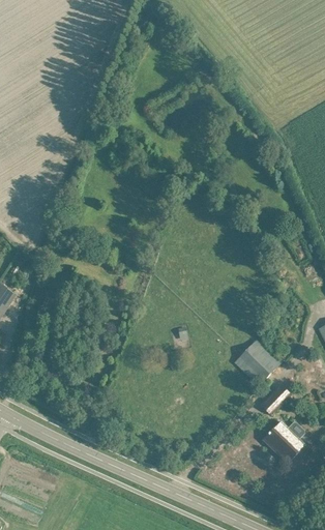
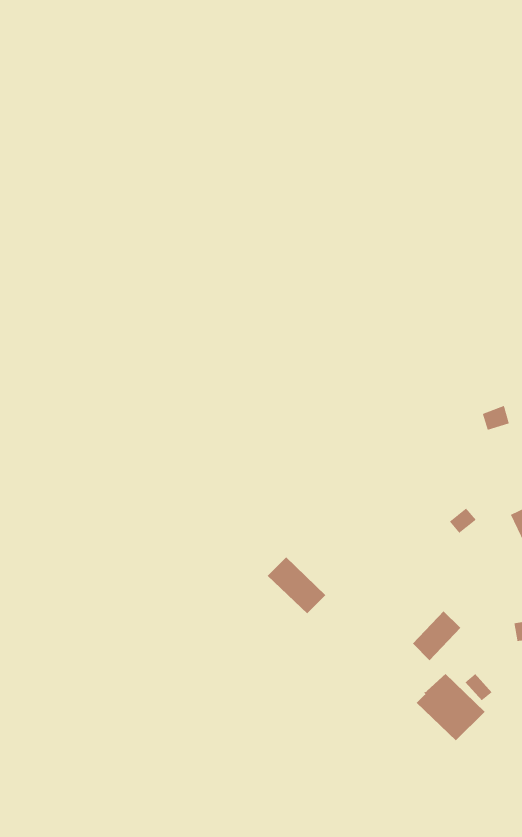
building: [238,345,273,379] -> [267,557,326,614]

